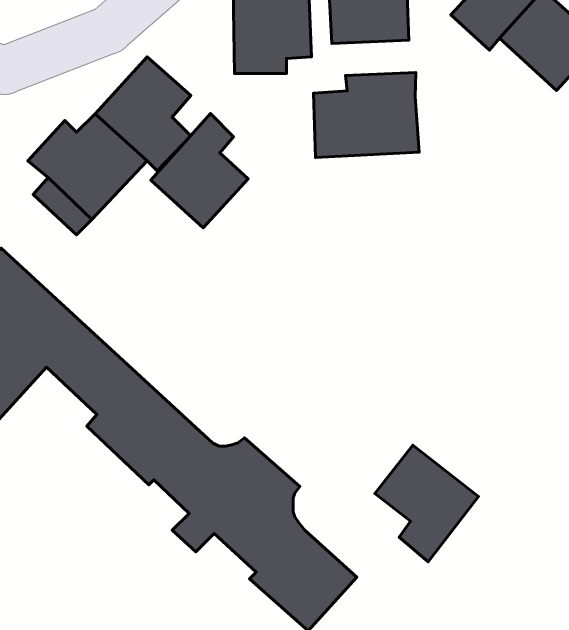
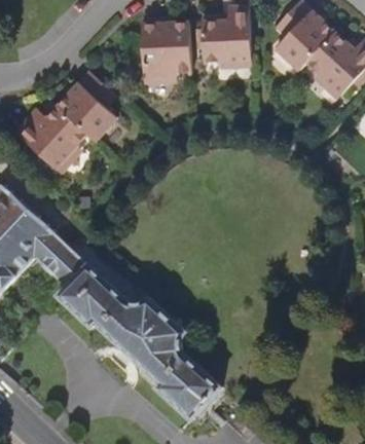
building: [314,73,419,158] -> none
building: [151,114,248,228] -> none
building: [375,445,478,562] -> none

